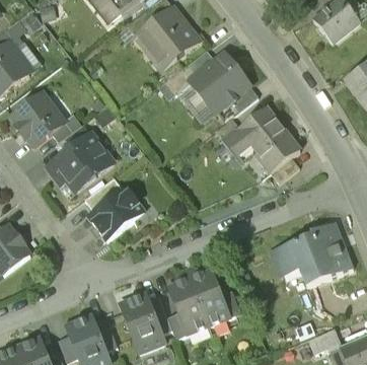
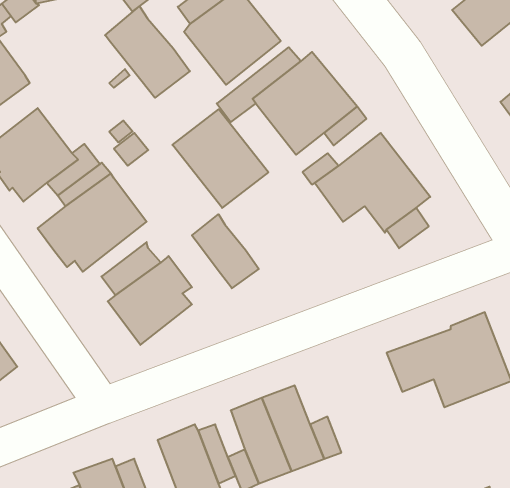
building: none -> [105,6,190,98]
building: none -> [172,109,268,208]
building: none -> [192,214,259,288]

